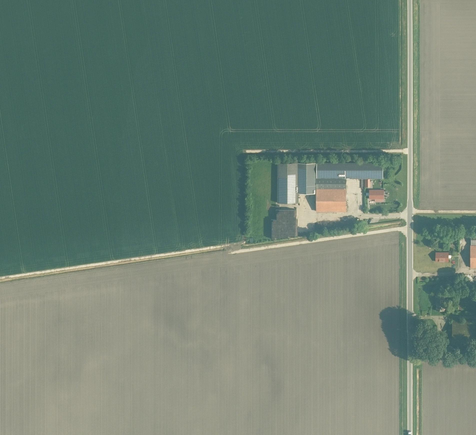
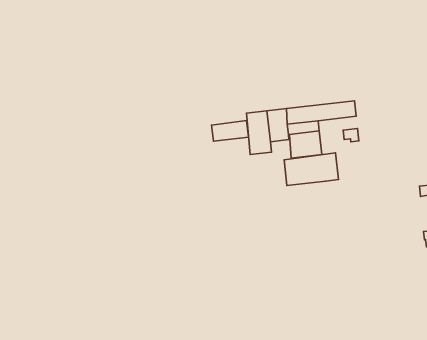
building: none -> [212,120,249,141]
building: none -> [284,153,339,185]

